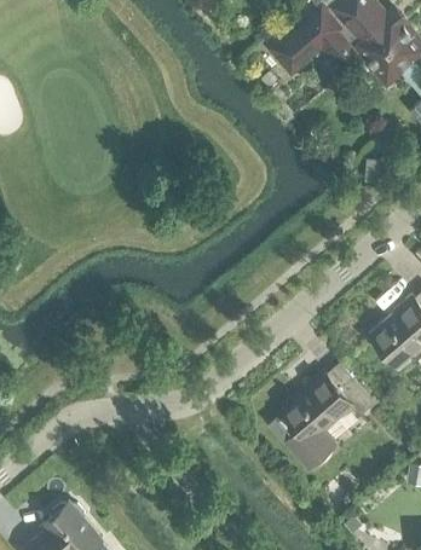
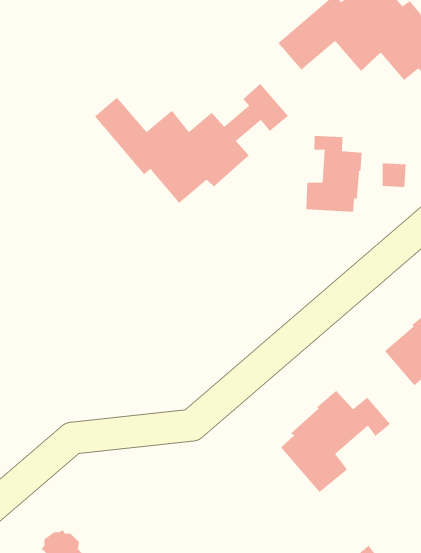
building: none -> [94,83,289,204]
building: none -> [306,135,362,212]

